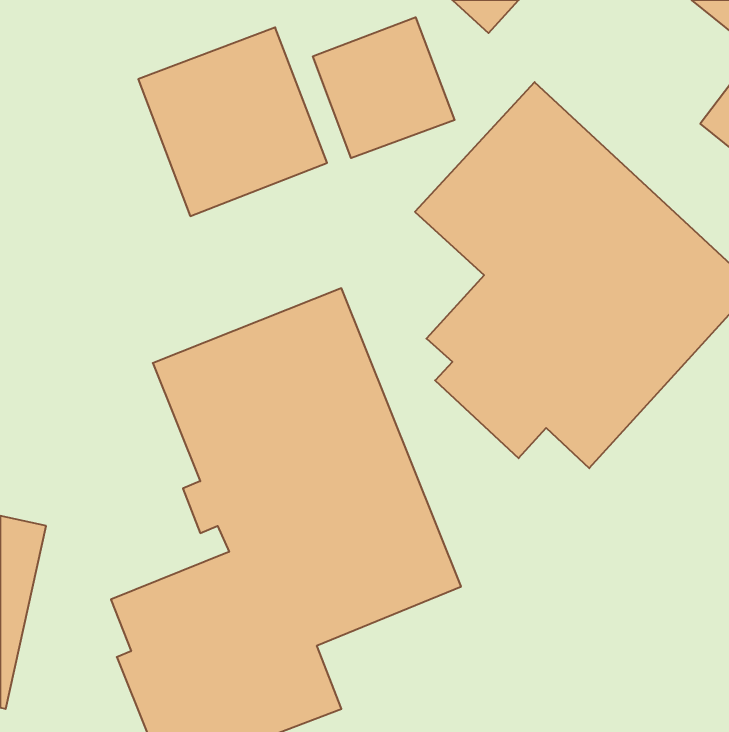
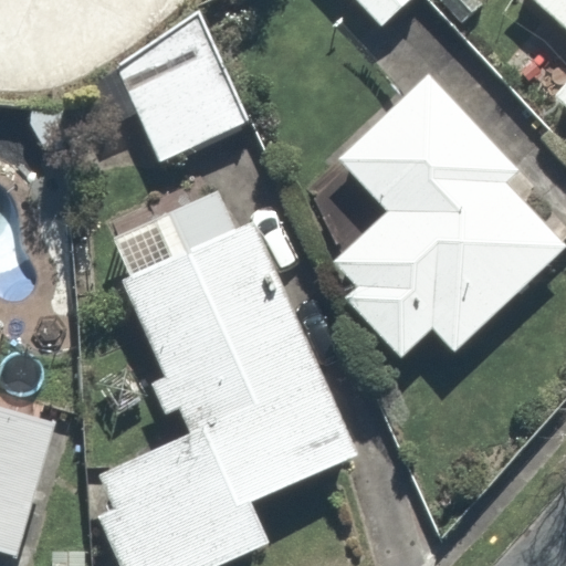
building: [313,17,455,158] -> none

